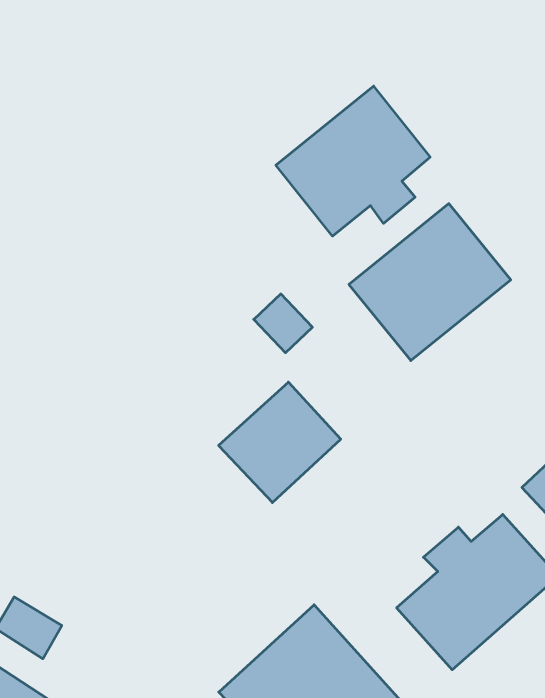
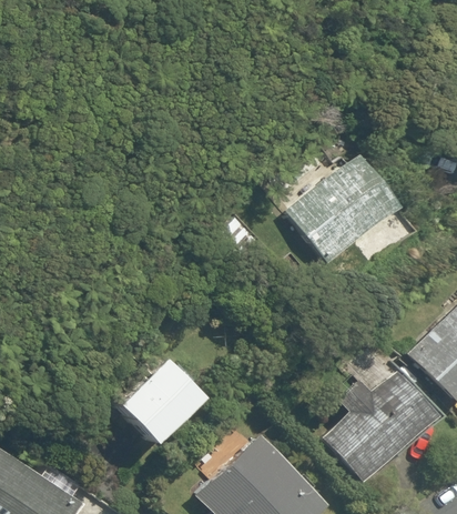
building: [276,86,430,236] -> none
building: [219,382,341,503] -> [118,356,203,441]

